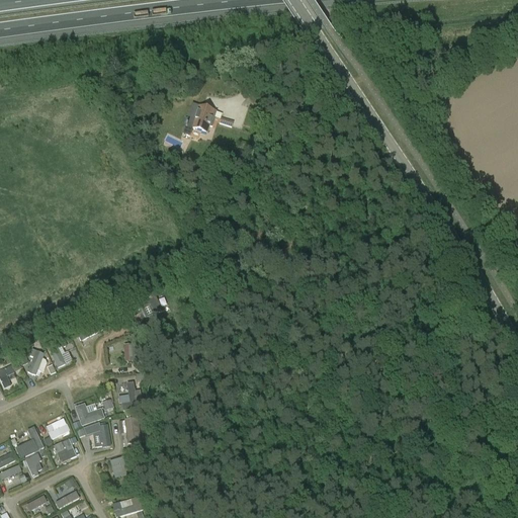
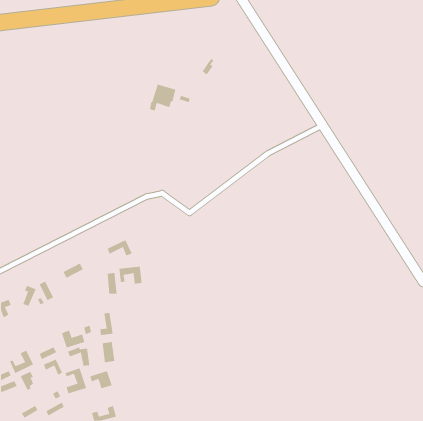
building: none -> [119,266,142,284]
building: none -> [65,367,87,394]

